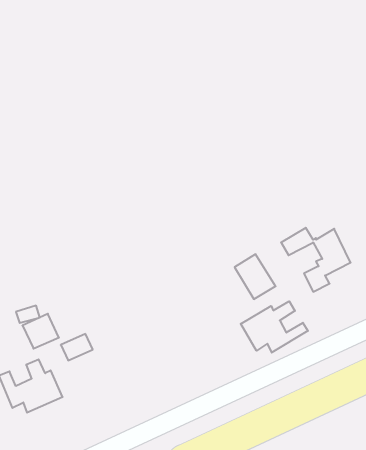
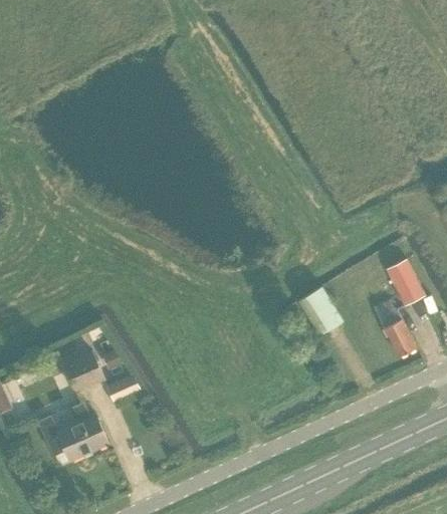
building: none -> [384,319,416,356]
building: [241,301,308,353] -> none

